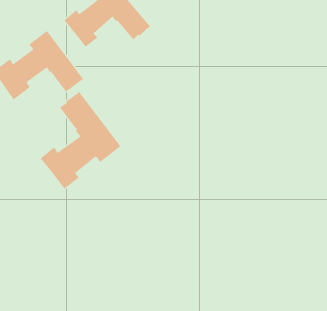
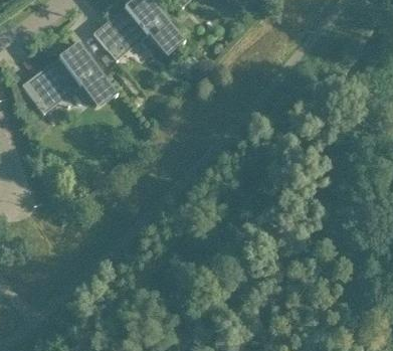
building: [40,91,121,189] -> none

